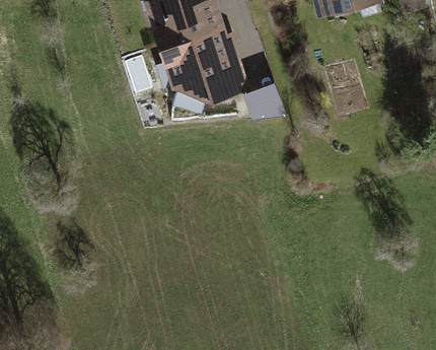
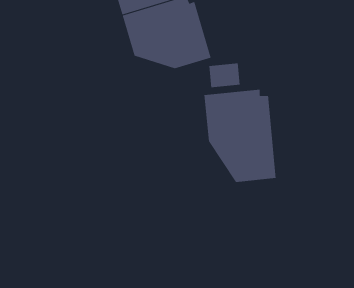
building: none -> [204,89,276,183]

